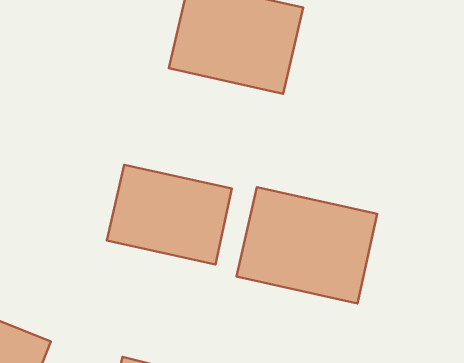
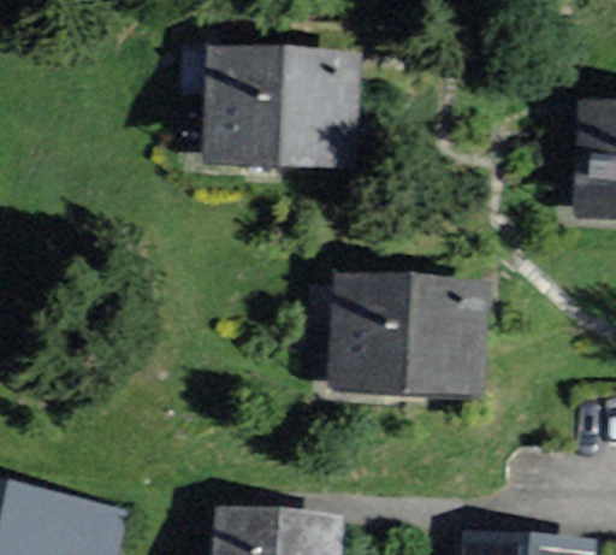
building: [107,165,232,265] -> none

